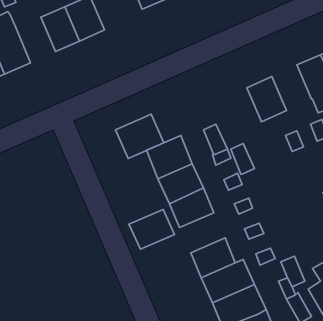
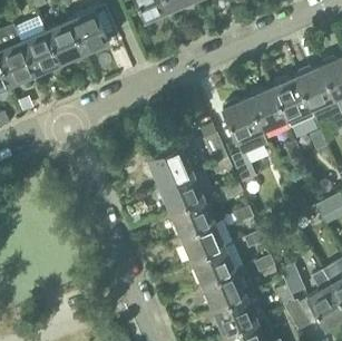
building: none -> [16,19,60,76]
building: none -> [272,78,311,123]
building: none -> [223,100,262,145]
building: [115,114,164,158] -> none
building: [129,209,174,249] -> [182,223,226,262]

